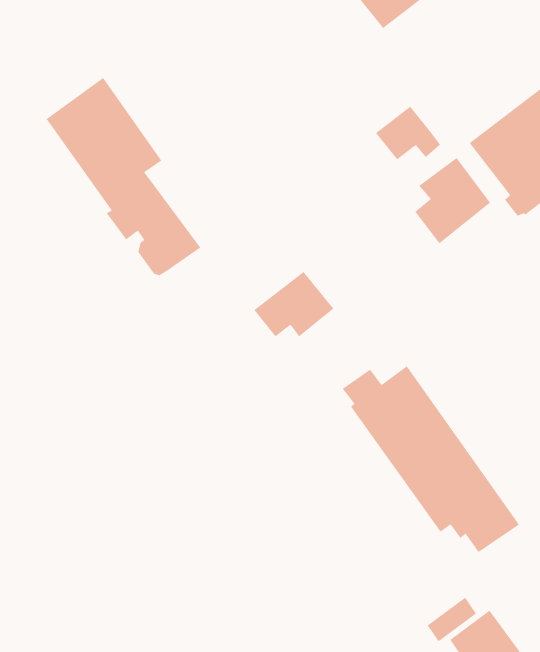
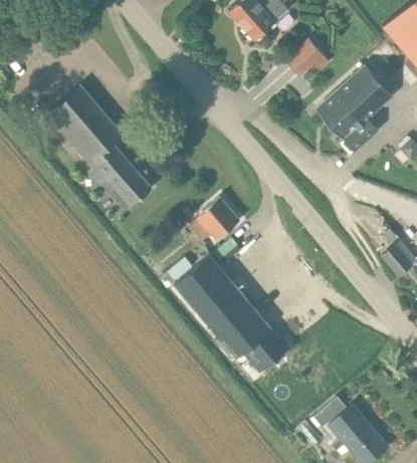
building: [375,106,441,160] -> [286,40,329,75]
building: [414,157,491,244] -> none
building: [342,365,520,553] -> [168,253,287,369]

